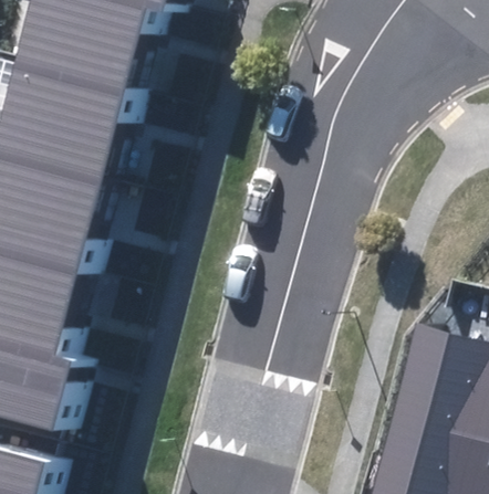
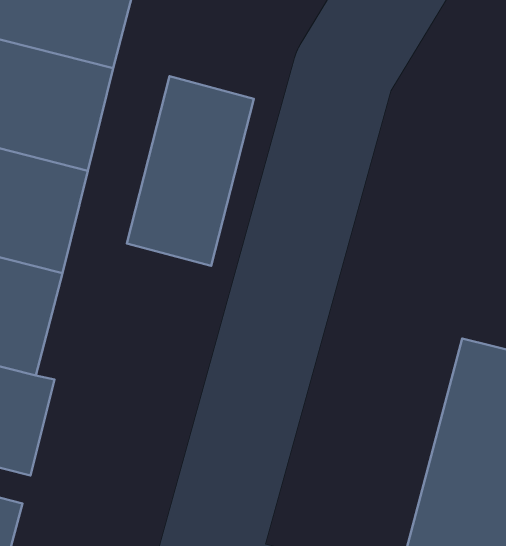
building: none -> [127,76,254,266]

